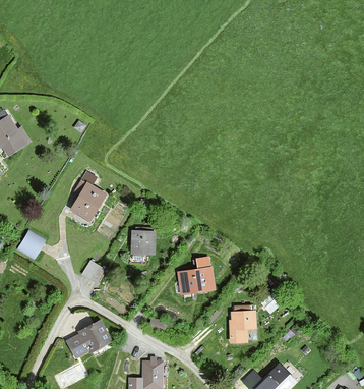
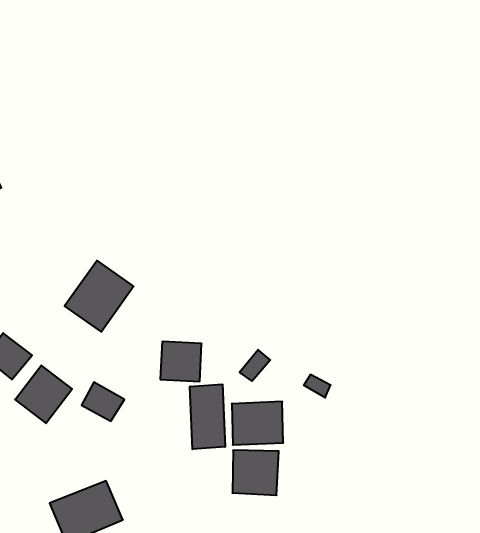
building: none -> [15,365,72,423]
building: none -> [190,384,225,449]
building: [231,310,260,338] -> [232,450,279,495]

